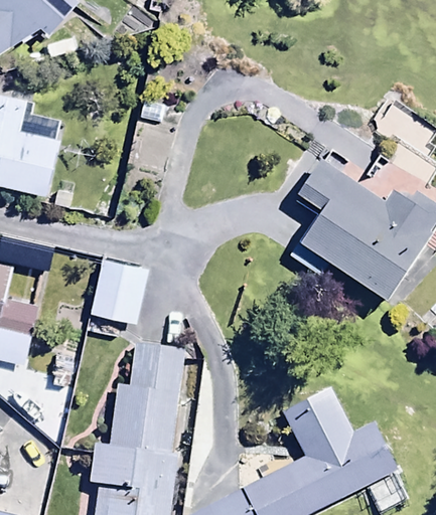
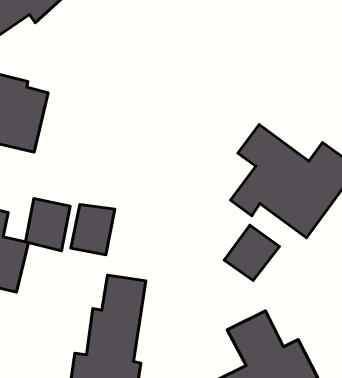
building: none -> [26,199,70,251]
building: none -> [224,225,279,280]

